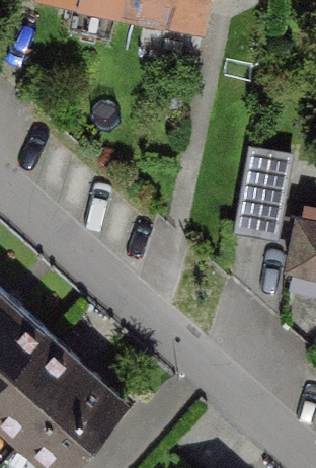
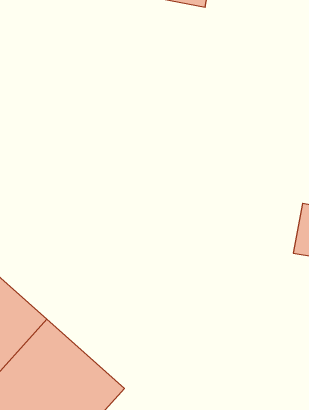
building: [237,152,293,241] -> none

